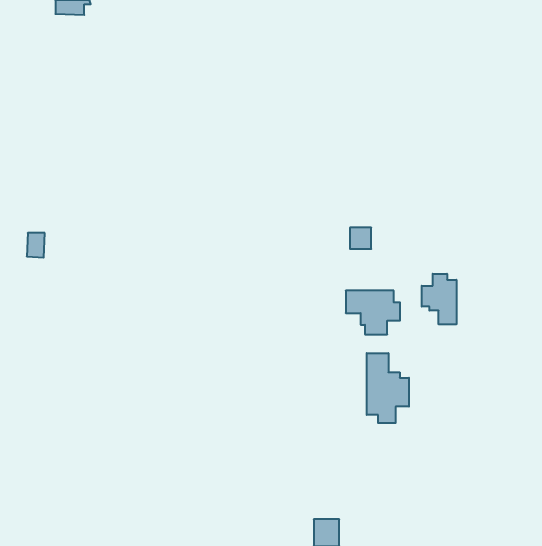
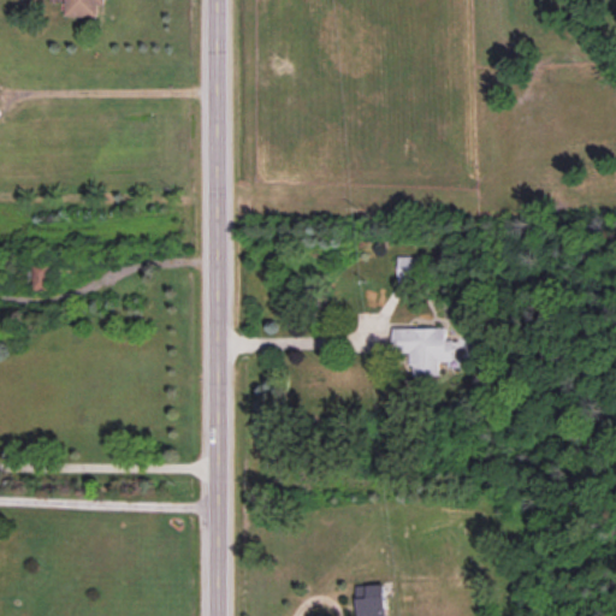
building: [422,274,456,324] -> none
building: [367,353,409,423] -> none

